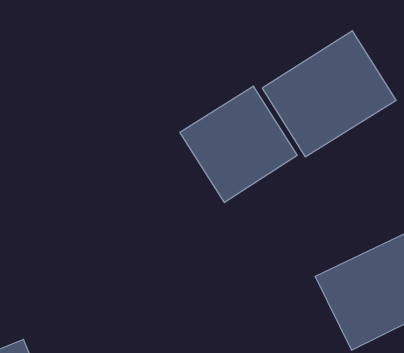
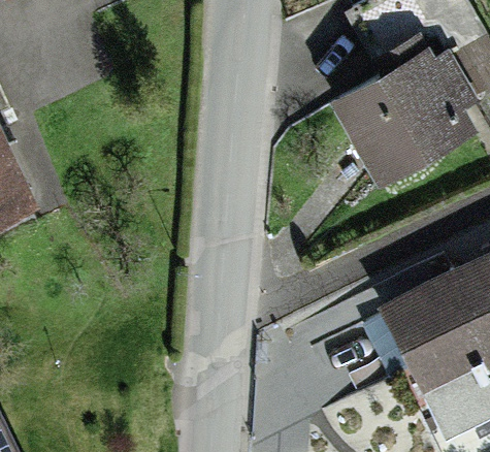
building: [180,86,297,203] -> none

